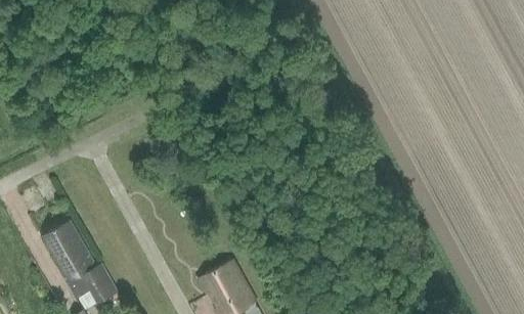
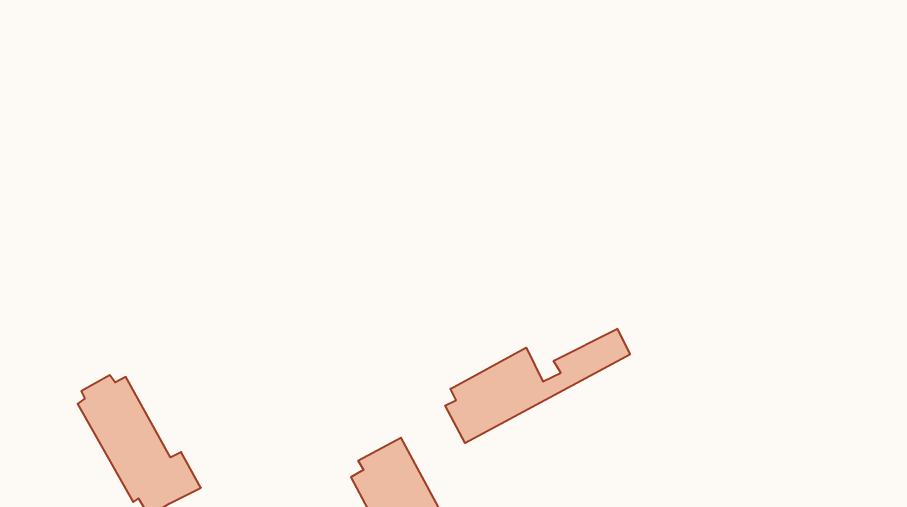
building: none -> [445,329,630,443]

